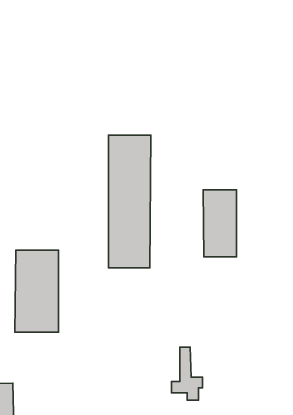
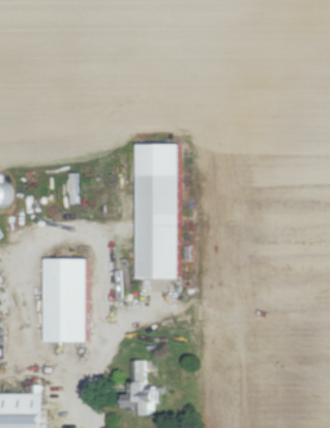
building: [203,190,237,257] -> none
building: [171,347,203,400] -> [122,360,153,412]

